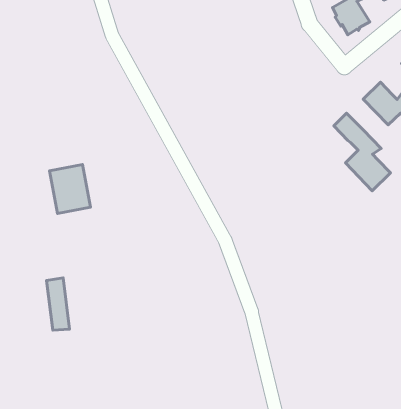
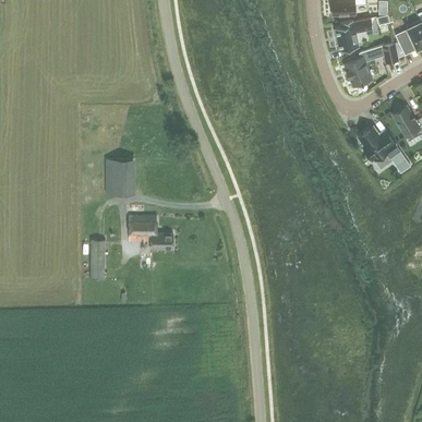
building: [334,113,391,191] -> none
building: none -> [129,215,173,249]

